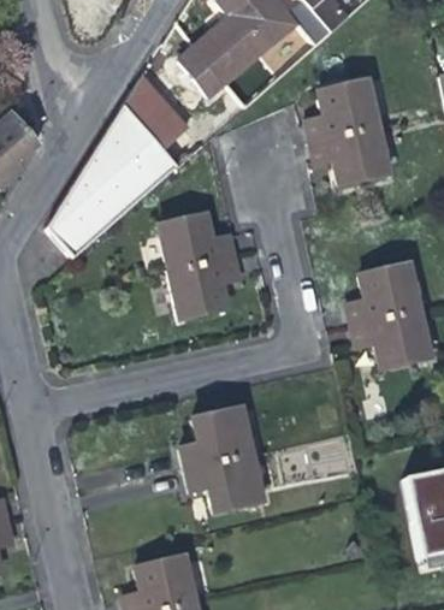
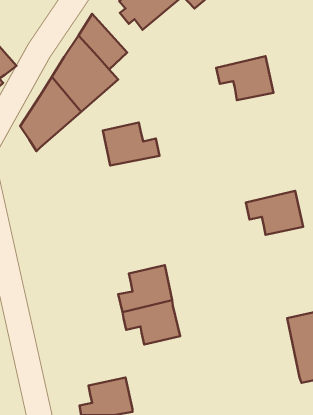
building: [306,79,378,142] -> none
building: [170,260,242,322] -> none
building: [345,260,418,322] -> none

